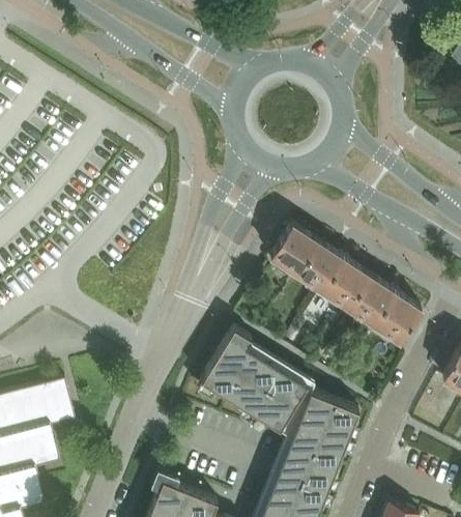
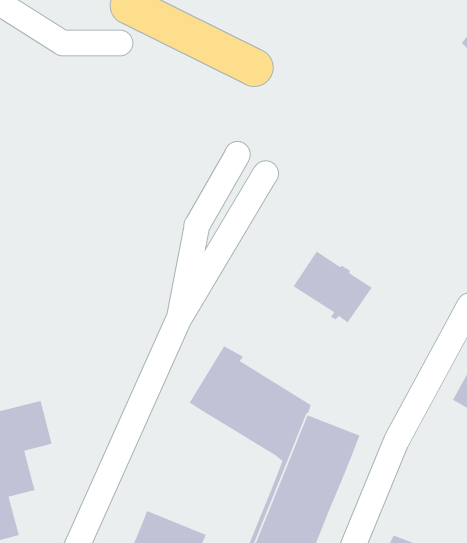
building: [270,225,317,275] -> none
building: [346,276,421,343] -> none

